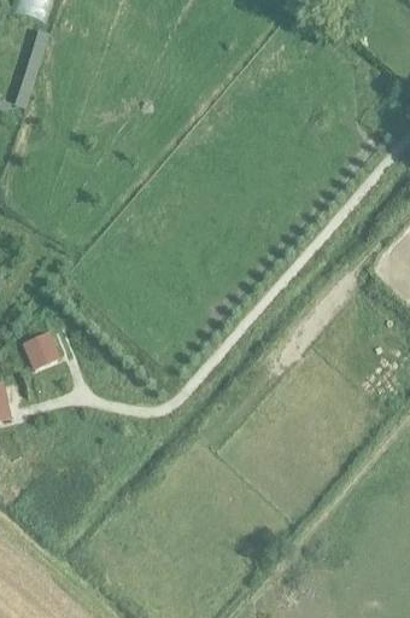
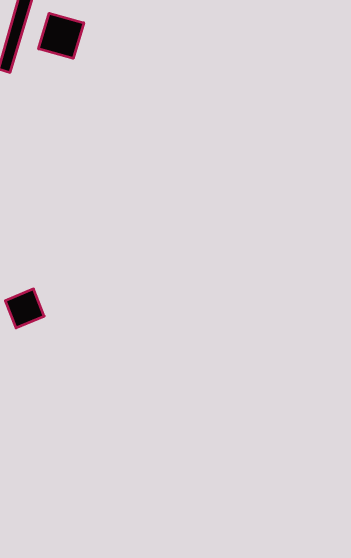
building: none -> [39,13,84,58]

